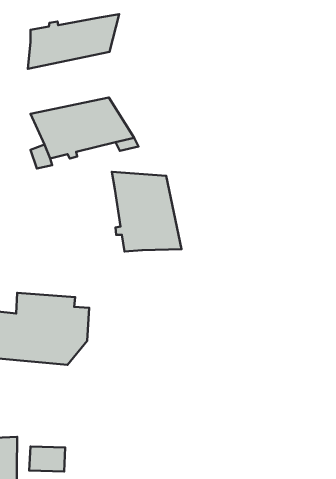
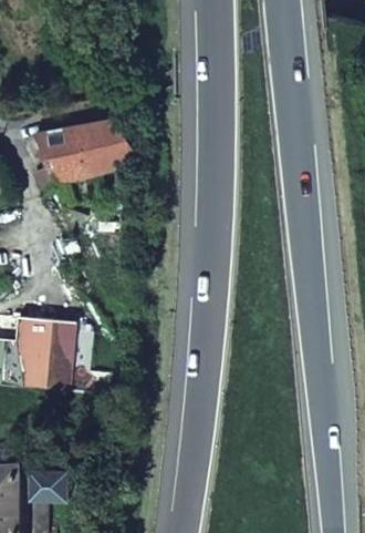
building: [28,14,119,69] -> none
building: [112,172,182,252] -> none

